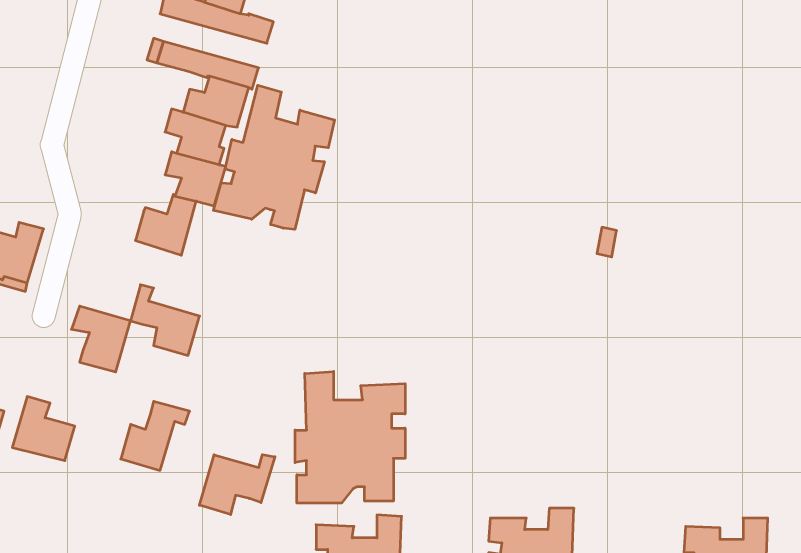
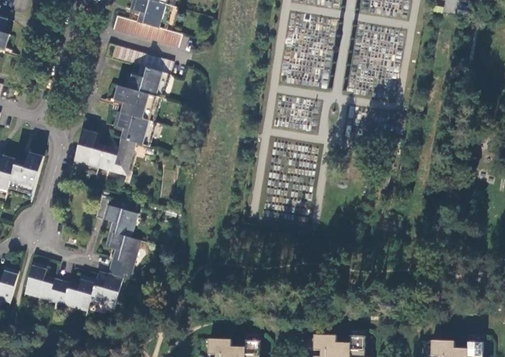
building: [213,85,335,229] -> none
building: none -> [71,131,102,171]
building: [71,306,131,372] -> [103,230,139,270]
building: [295,371,405,503] -> none
building: none -> [54,274,94,309]
building: [199,455,275,515] -> none

